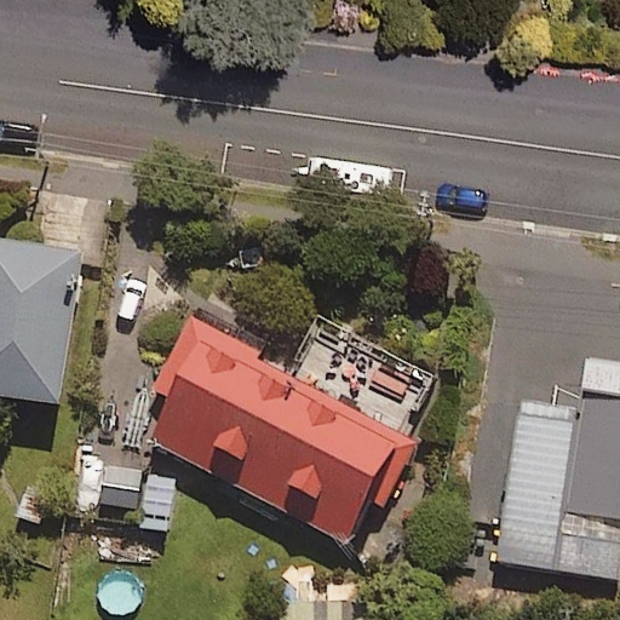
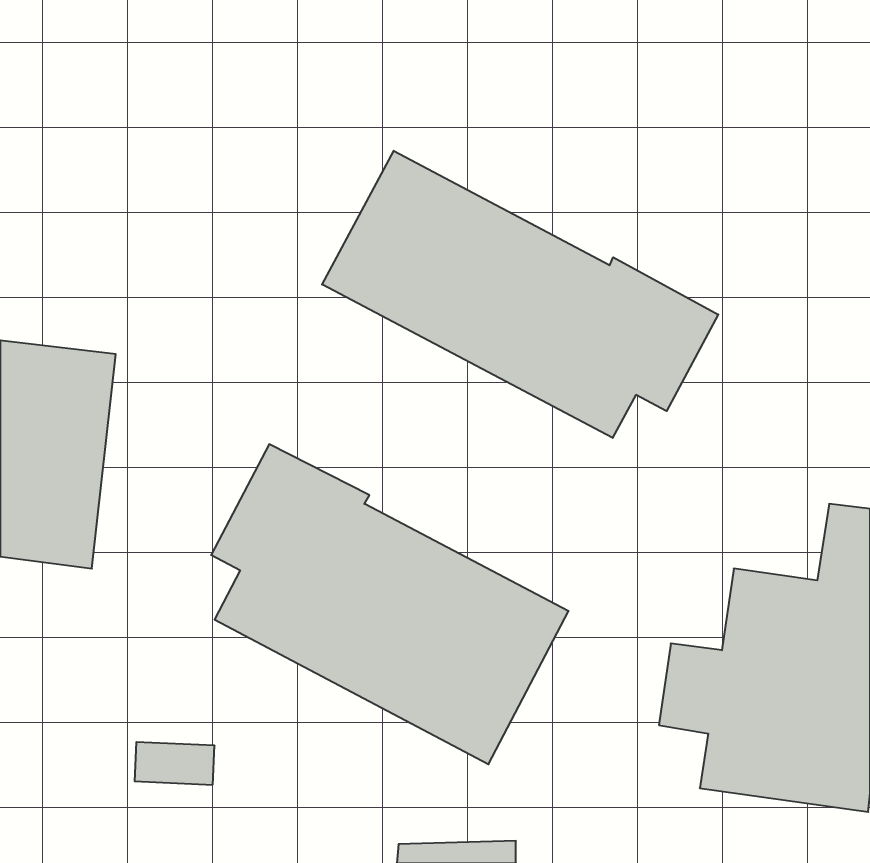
building: none -> [322,151,718,438]

